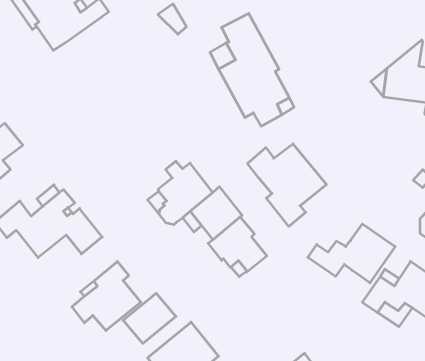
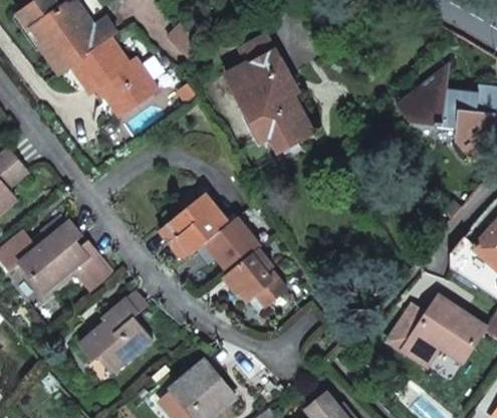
building: none -> [72,36,158,113]
building: [248,144,326,226] -> none
building: [308,224,395,283] -> none
building: [123,293,176,343] -> none

